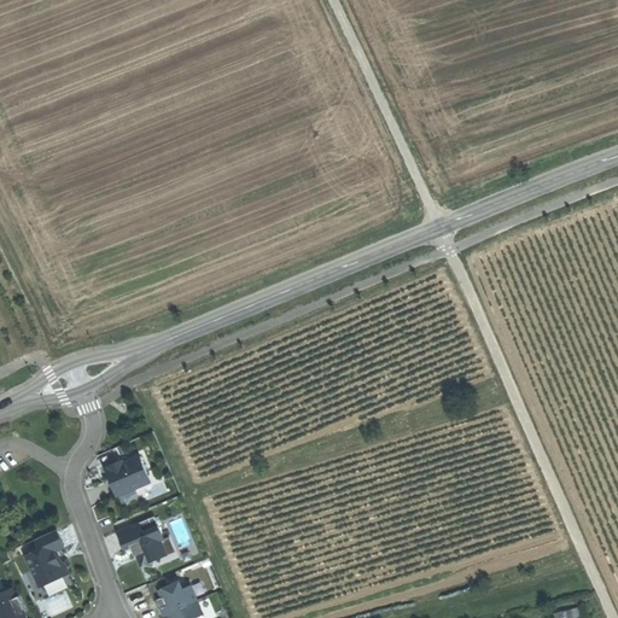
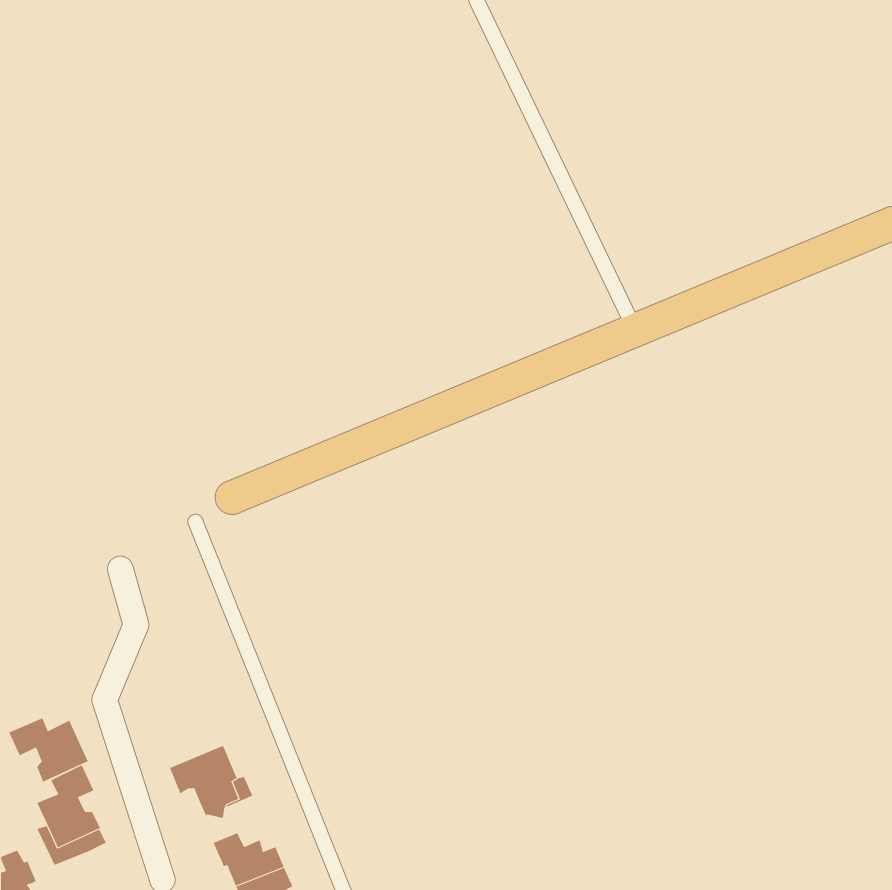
building: [109,457,150,496] -> none
building: none -> [9,718,89,783]

